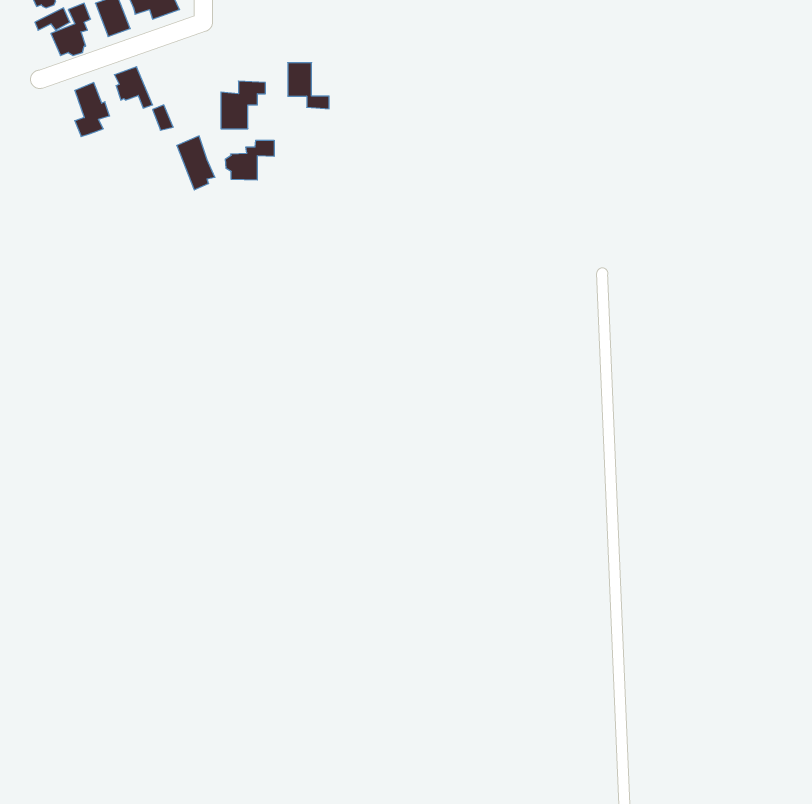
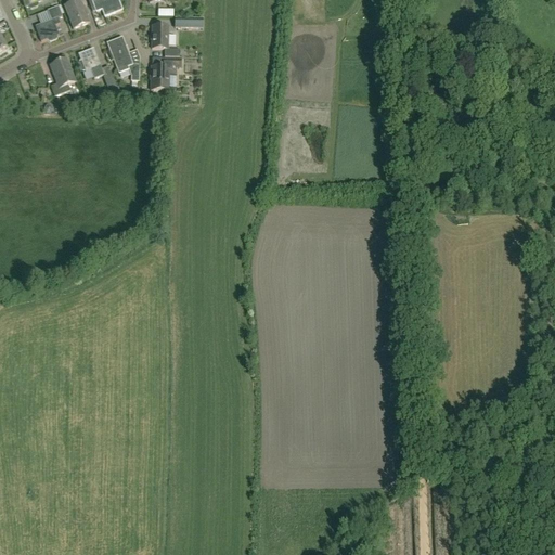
building: [288,63,329,109] -> [152,23,180,54]
building: [177,136,215,190] -> [107,34,133,70]
building: [226,140,274,180] -> none

